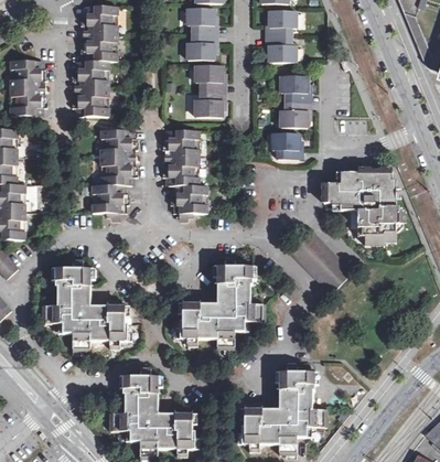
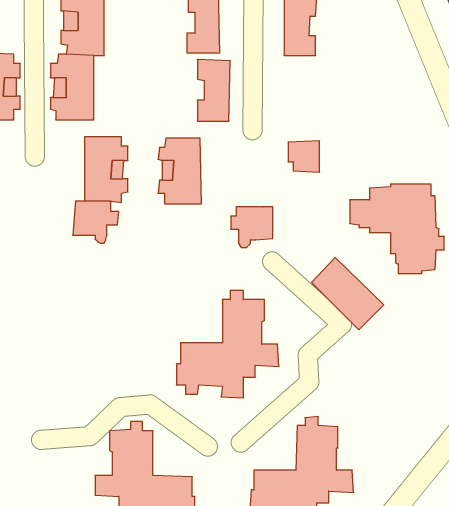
building: [280,76,307,129] -> none
building: [171,186,206,221] -> [231,207,273,248]
building: [42,261,126,351] -> none

